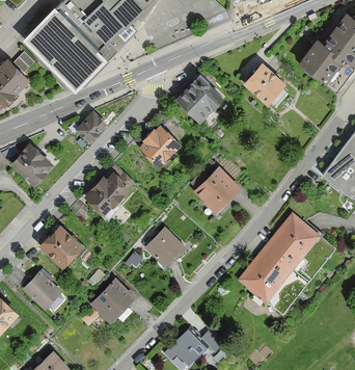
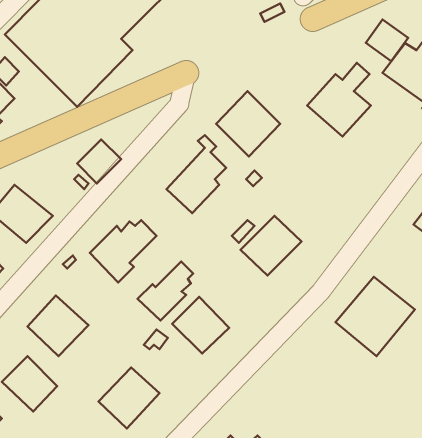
building: none -> [366,19,408,61]
building: none -> [137,262,193,320]
building: [236,246,294,305] -> none

